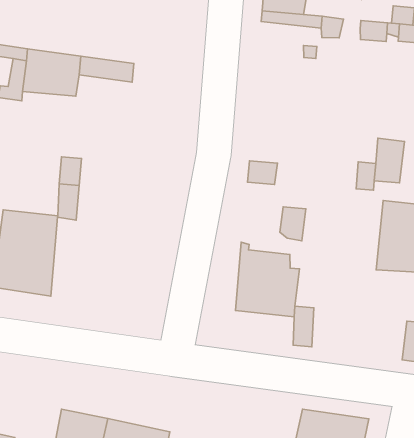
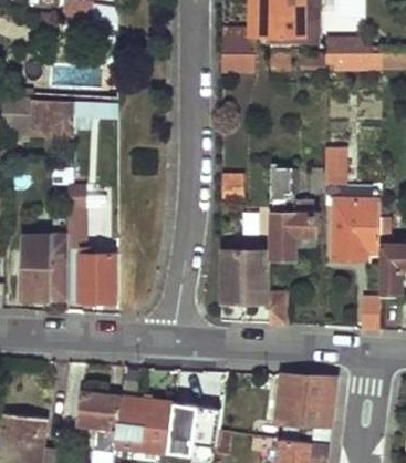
building: none -> [270,166,315,256]
building: none -> [79,247,118,301]

